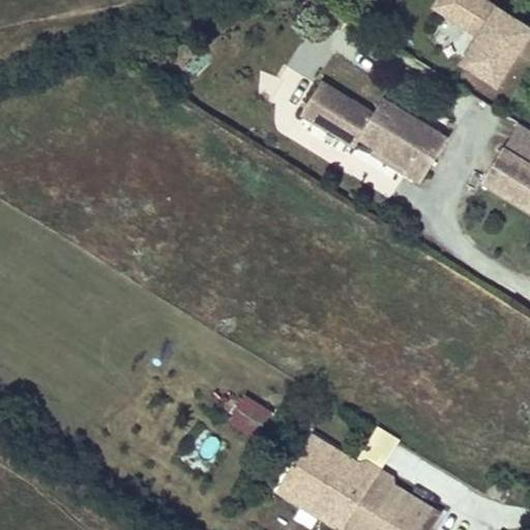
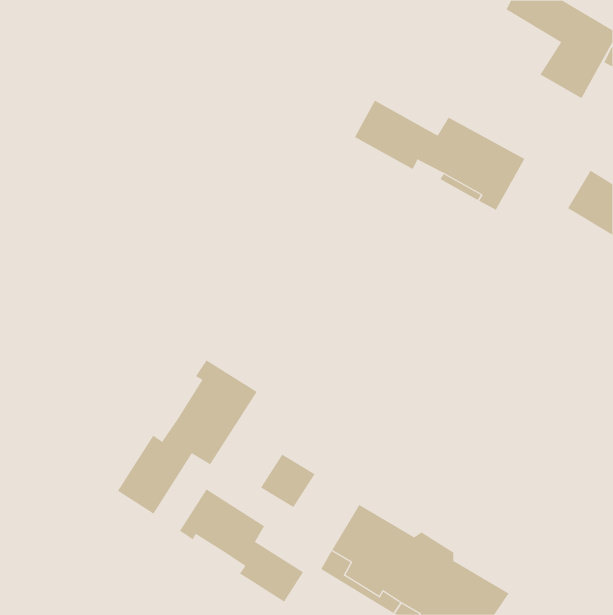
building: none -> [117,359,258,515]
building: none -> [179,488,304,602]

